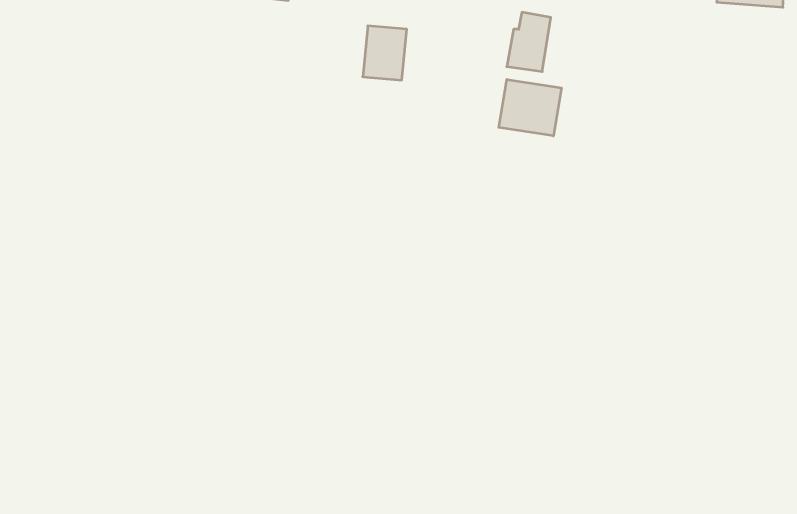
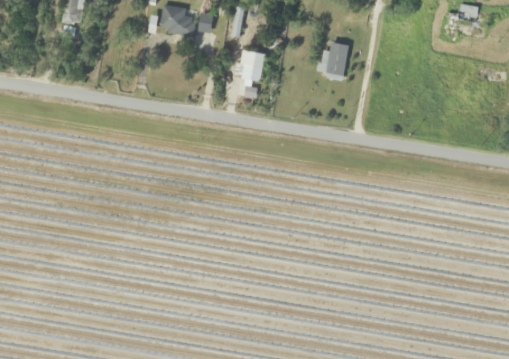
building: [499,79,561,136] -> none

